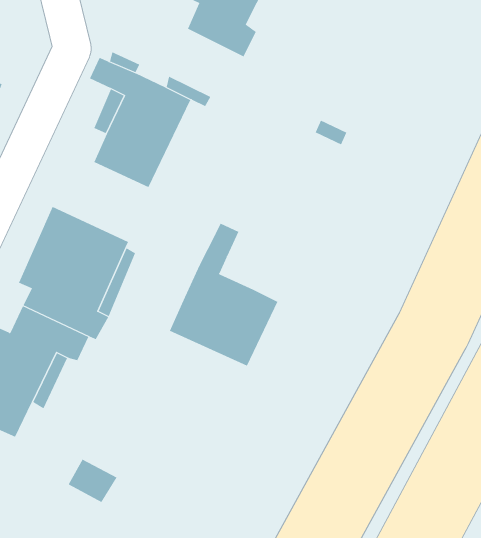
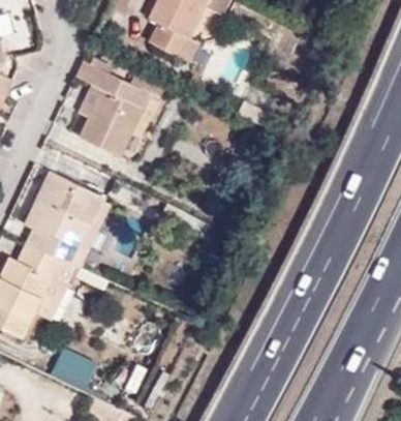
building: [169,223,278,366] -> none

